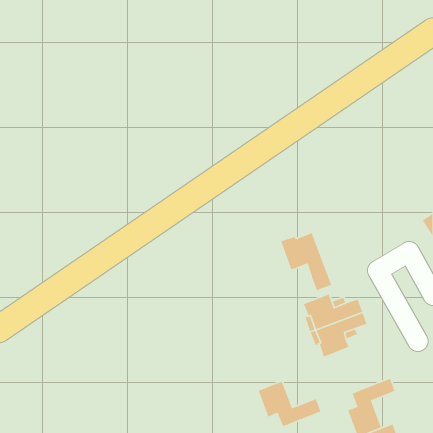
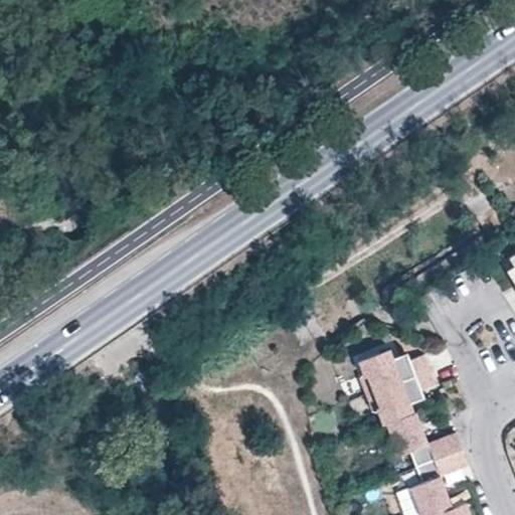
building: [280,232,332,291] -> none
building: [258,381,322,427] -> [386,412,462,467]

